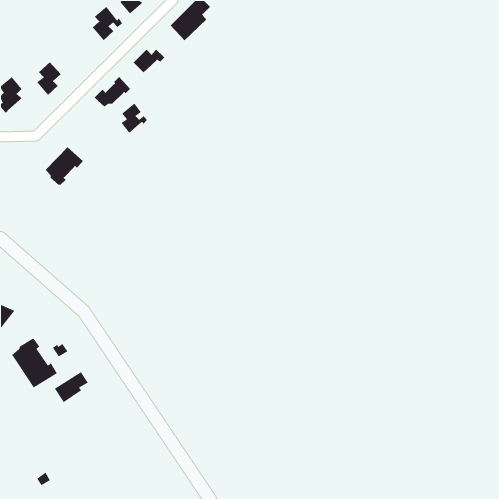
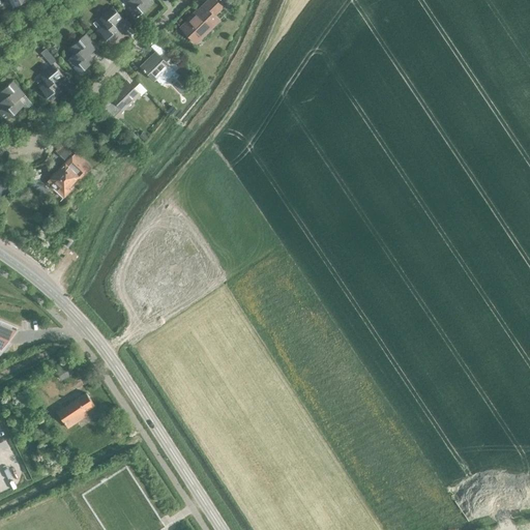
building: none -> [69,36,94,72]
building: [120,103,148,134] -> none
building: [11,338,58,388] -> none

